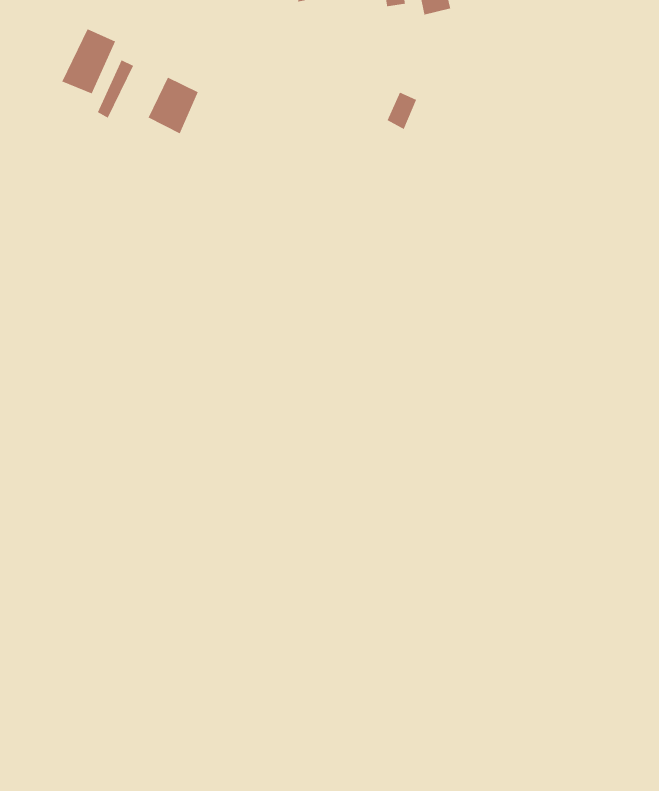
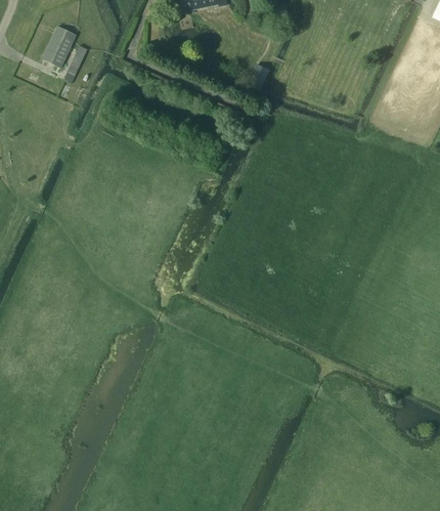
building: [148,77,199,134] -> none

